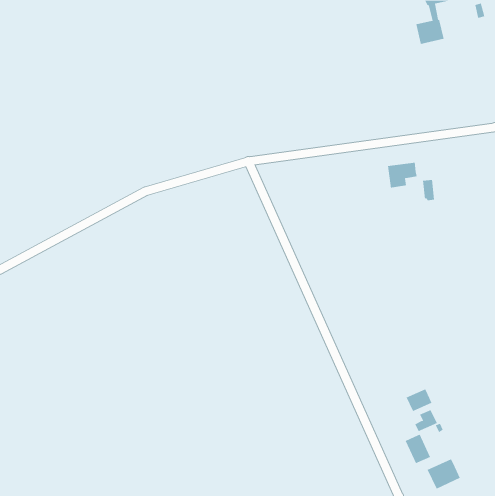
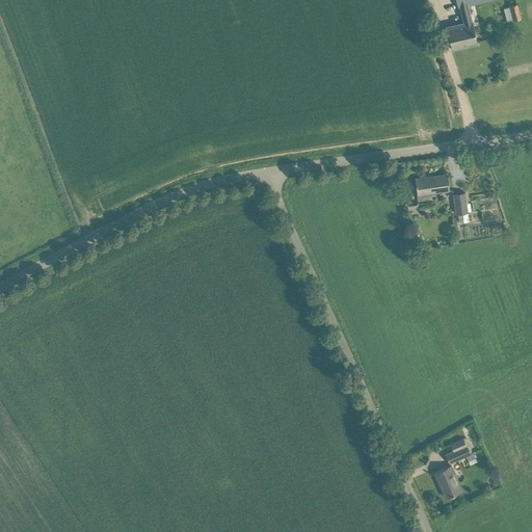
building: [406,389,432,412] -> none
building: [427,458,461,489] -> none

